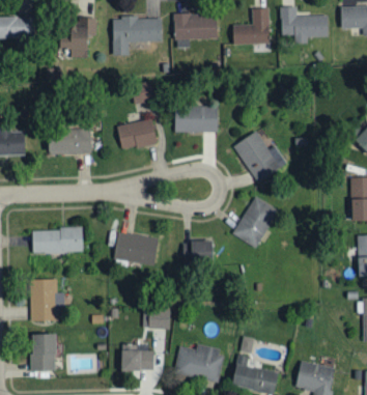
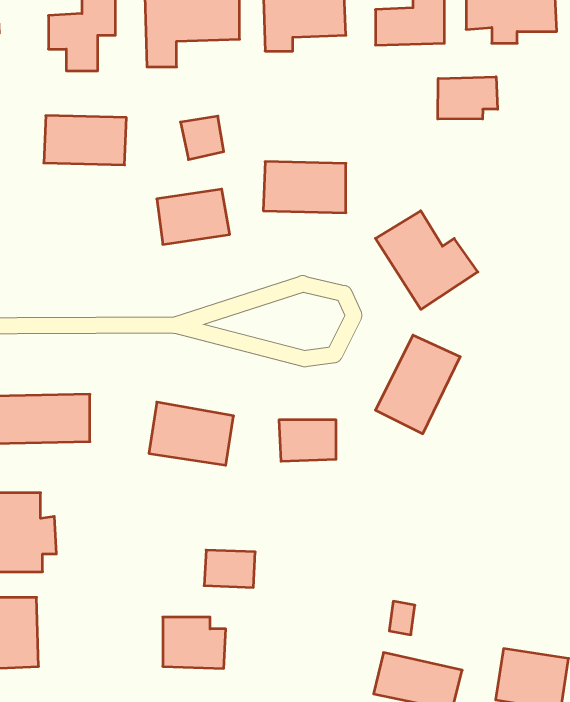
building: none -> [438,77,498,119]
building: [49,128,92,153] -> [44,116,126,165]
building: [174,344,225,380] -> none

